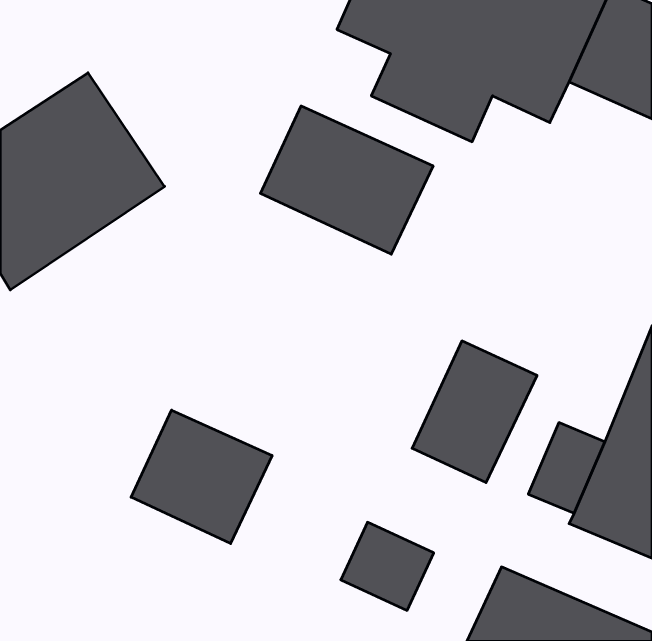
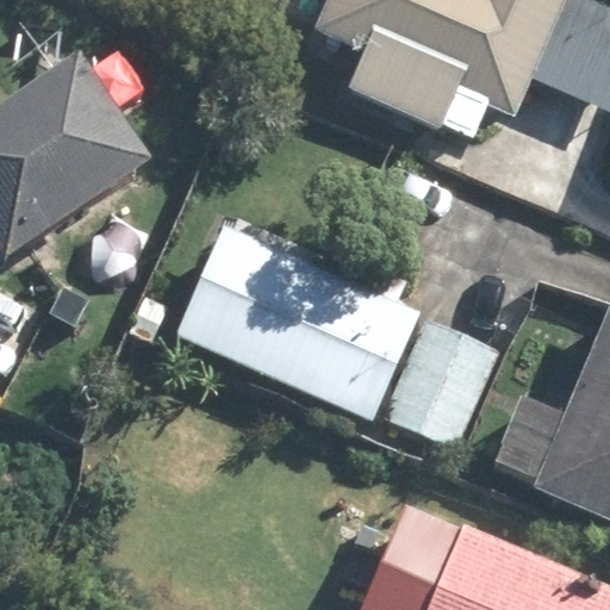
building: [260,106,433,254] -> none
building: none -> [176,226,416,419]
building: [131,410,272,544] -> none

